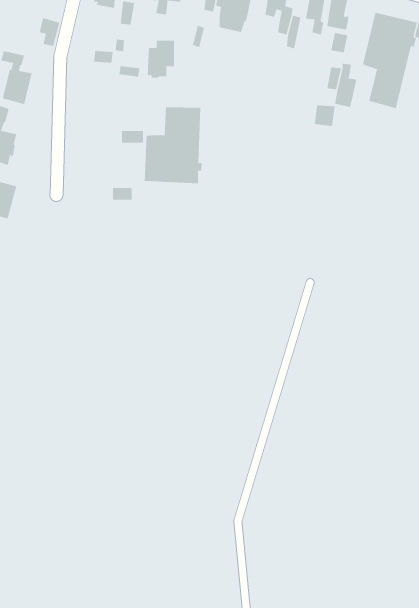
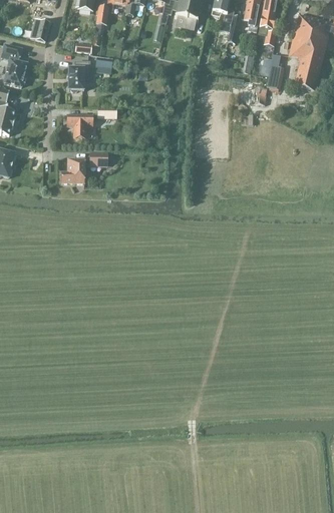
building: [147,40,175,78] -> [68,60,90,90]
building: [144,106,202,184] -> none
building: none -> [68,113,92,136]
building: none -> [62,157,85,182]

